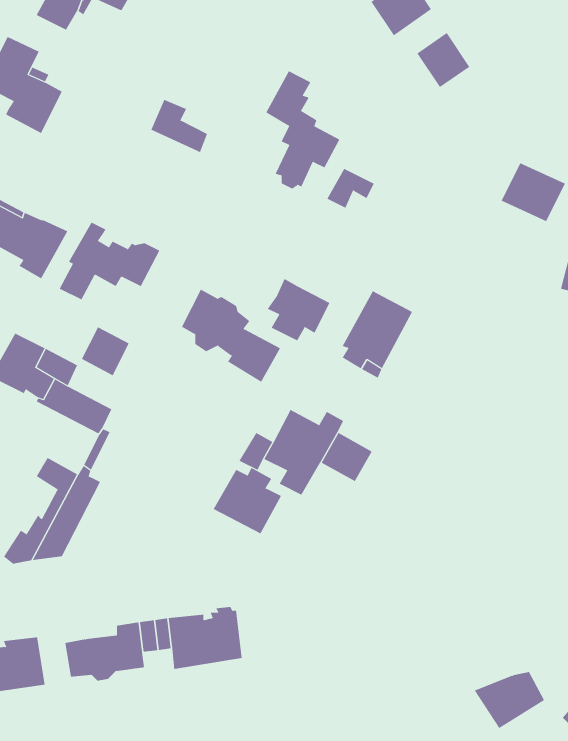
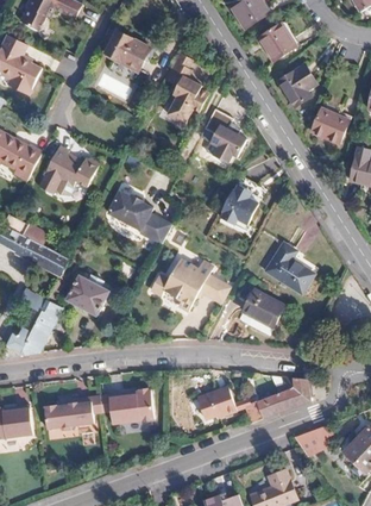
building: none -> [107,27,152,68]
building: none -> [279,64,316,105]
building: [267,278,330,341] -> [210,125,250,164]
building: [81,326,130,376] -> none
building: none -> [265,242,313,292]
building: none -> [243,287,284,325]
building: [213,467,282,534] -> [71,273,114,314]
building: none -> [243,375,310,419]
building: none -> [194,386,234,418]

